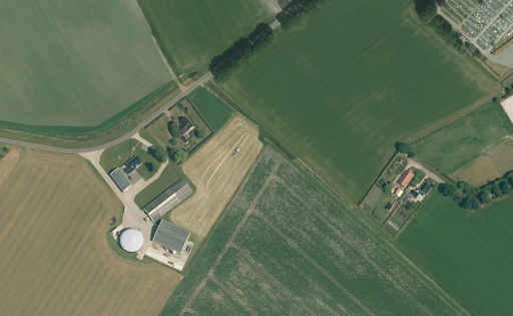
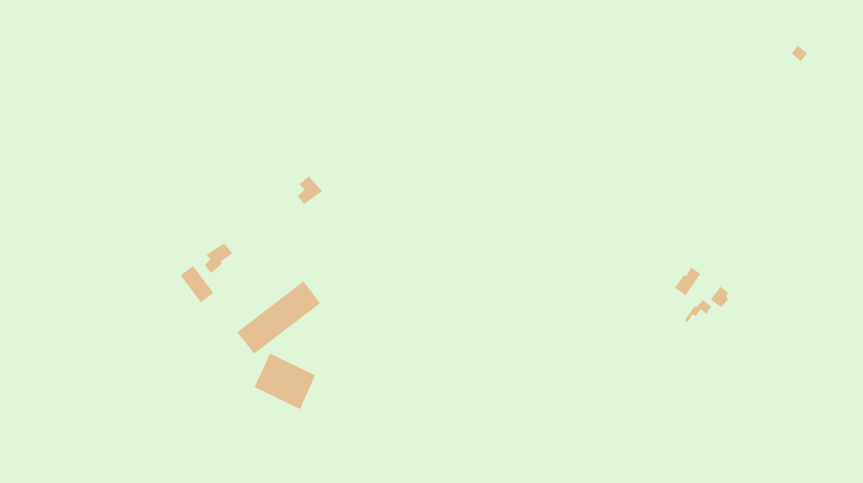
building: [119,229,143,252] -> none

